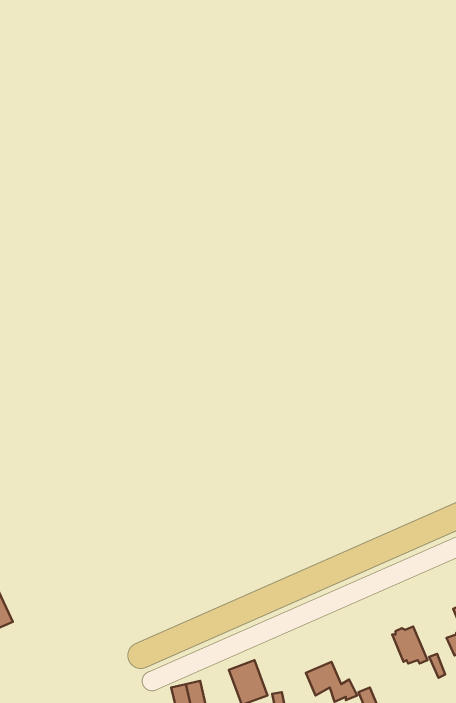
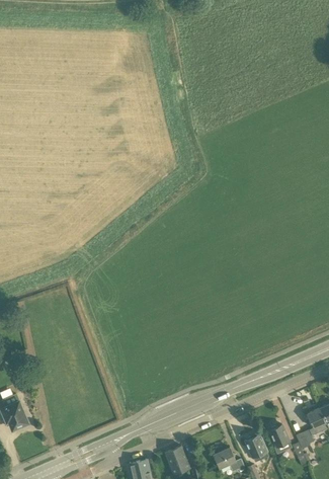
building: none -> [245,434,268,461]

